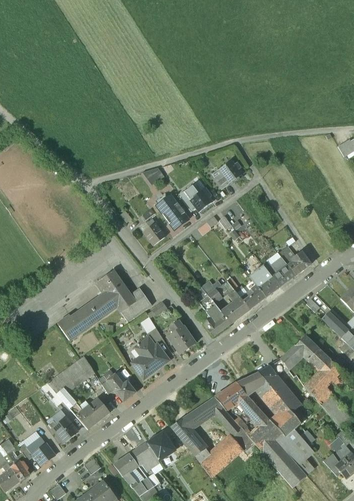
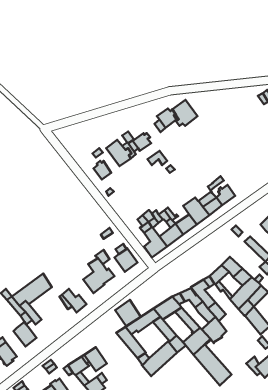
building: none -> [172,100,197,126]
building: [57,269,151,340] -> none
building: [75,397,109,429] -> none
building: [146,430,176,461] -> [115,300,141,326]
building: [275,430,314,465] -> none

